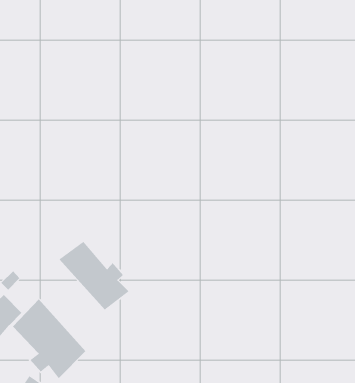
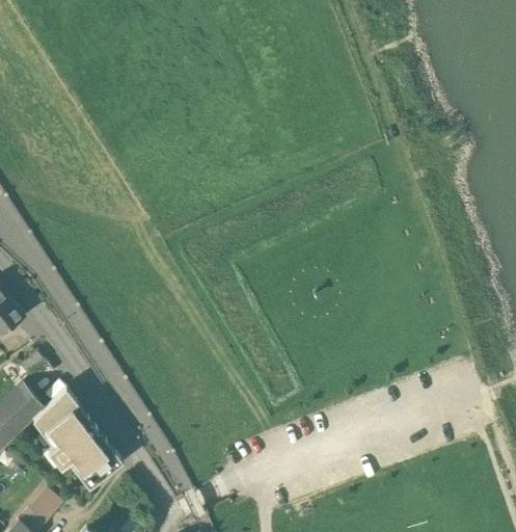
building: [59,241,130,310] -> none

